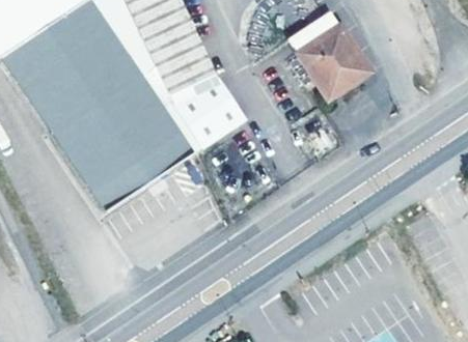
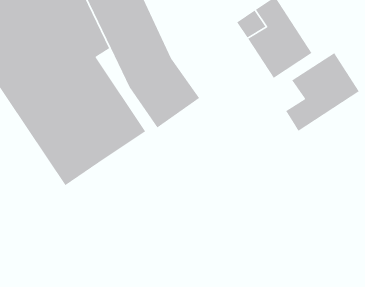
building: none -> [285,52,360,132]

